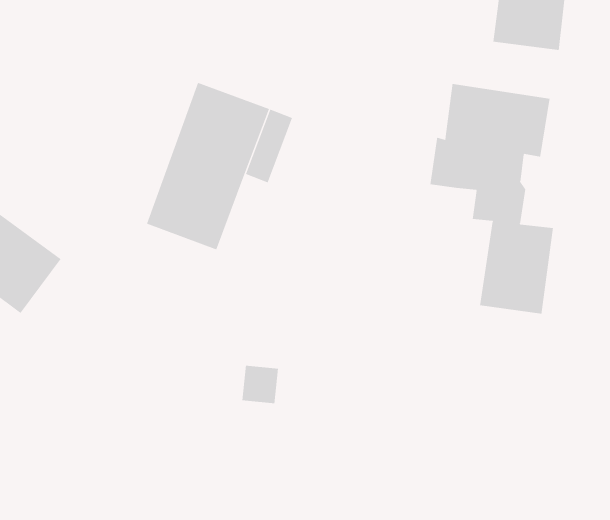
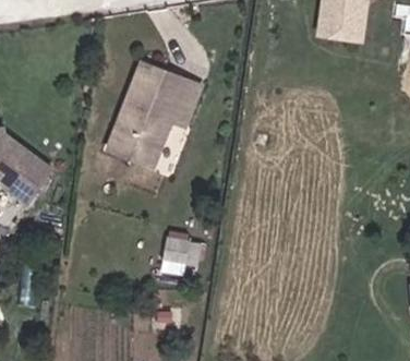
building: [430,83,553,314] -> none

